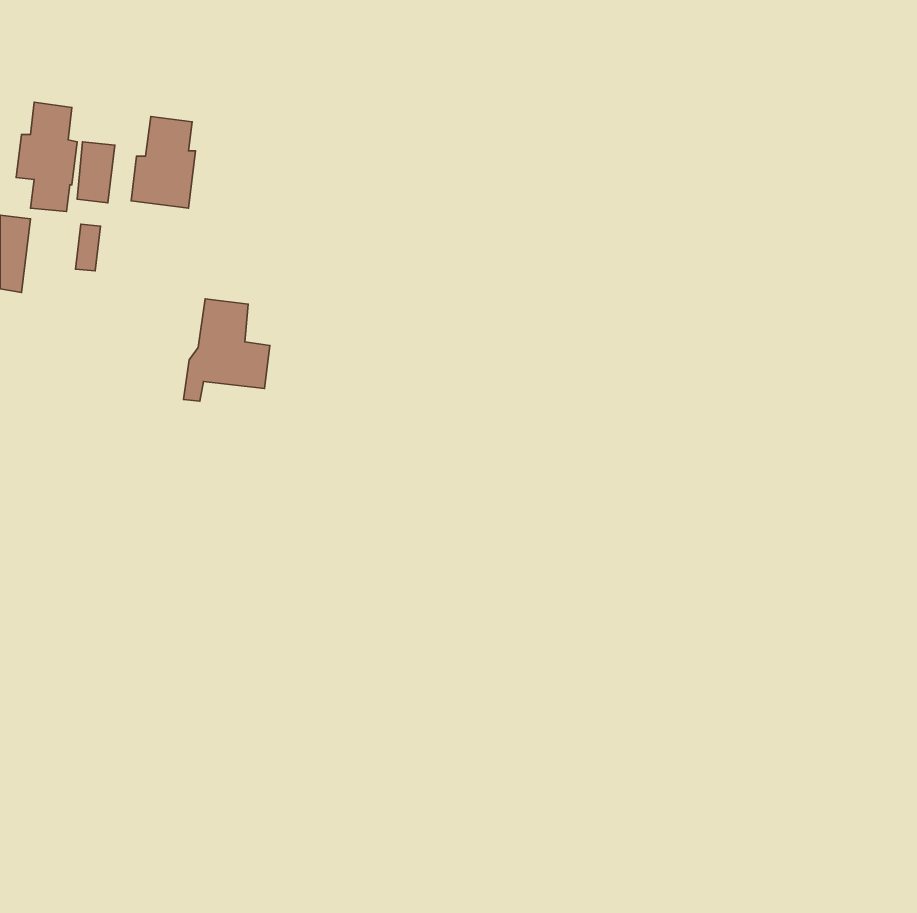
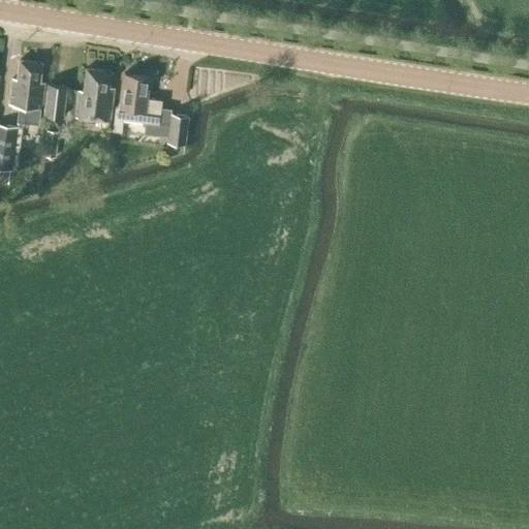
building: none -> [167,115,188,146]
building: [184,299,270,401] -> [112,74,161,133]

